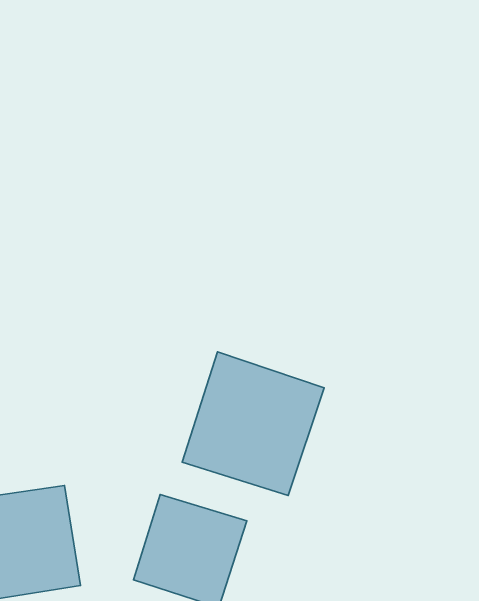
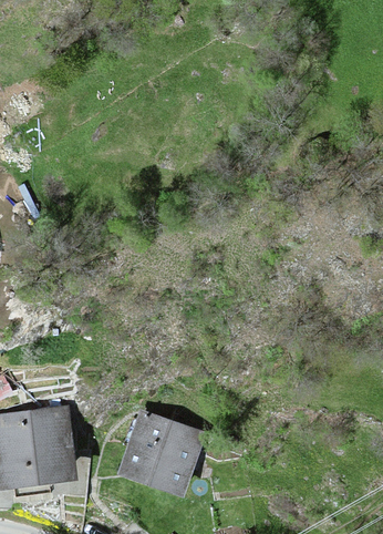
building: [182,352,324,496] -> none

